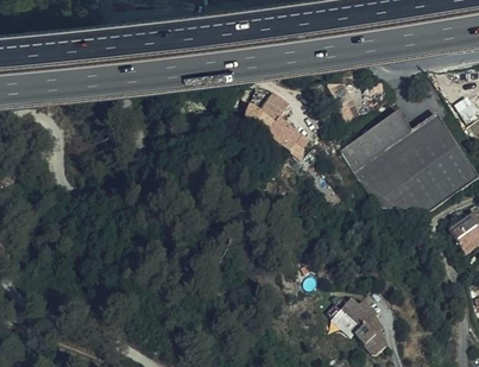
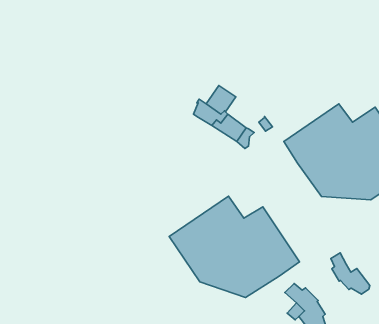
building: none -> [169,196,299,297]
building: none -> [331,253,370,294]

